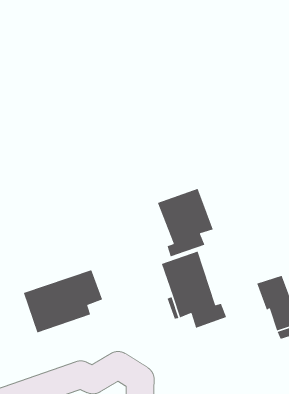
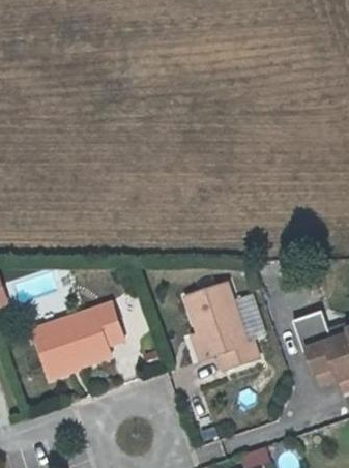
building: [157,188,214,258] -> none

